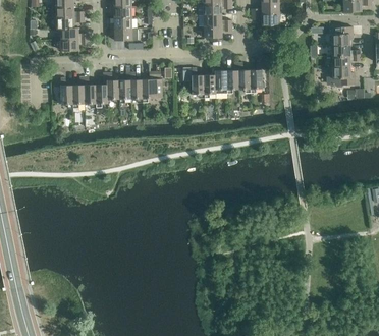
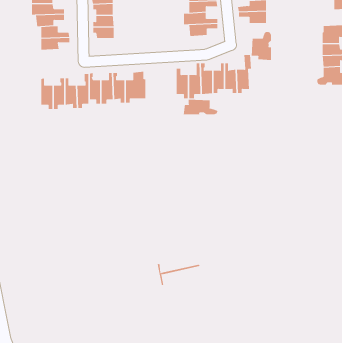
building: none -> [251,31,271,61]
building: none -> [183,99,218,115]

